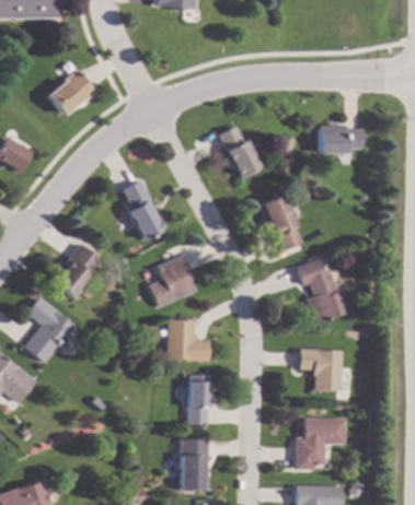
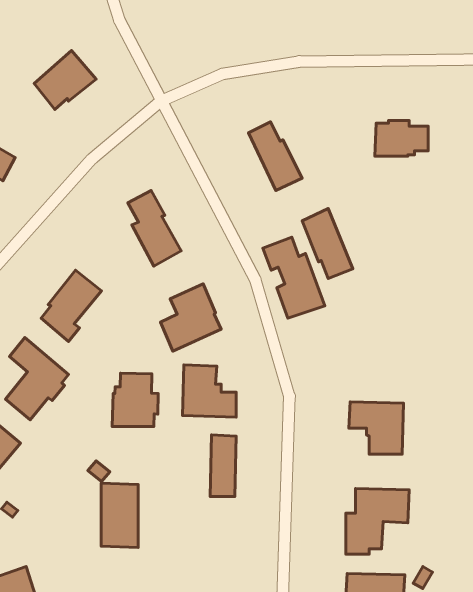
building: [296,259,345,324] -> [263,237,325,318]
building: none -> [112,373,158,427]
building: [180,439,209,491] -> [101,483,138,548]

